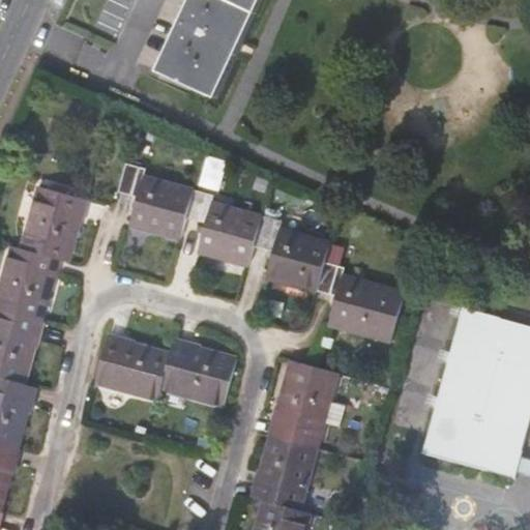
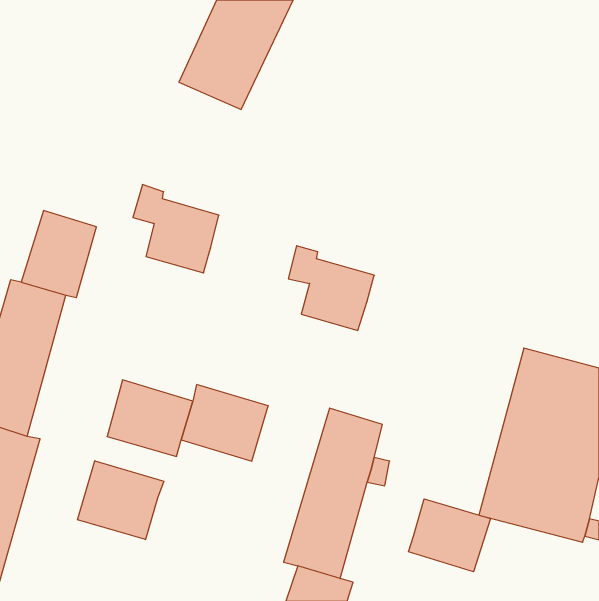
building: [185,189,261,265] -> none
building: [315,265,404,342] -> none
building: none -> [77,461,164,540]
building: none -> [409,499,491,572]

